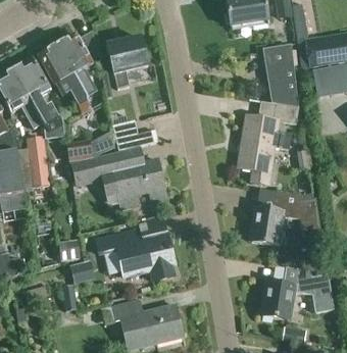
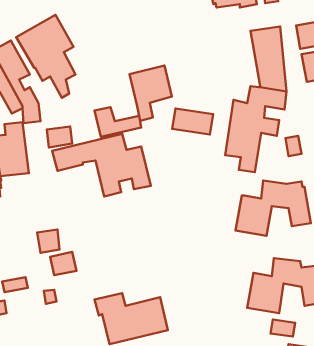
building: [107,35,148,88] -> [130,66,172,121]
building: none -> [172,108,213,135]
building: [97,226,175,279] -> none

